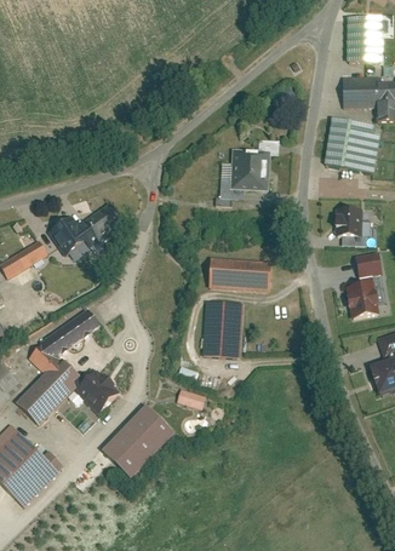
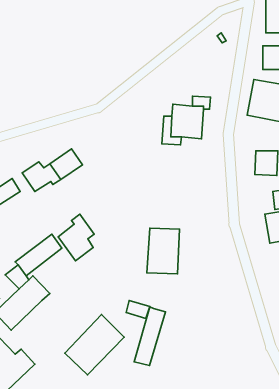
building: [208,257,271,291] -> none
building: none -> [58,214,94,261]
building: [74,368,118,412] -> none
building: none -> [134,307,166,366]

